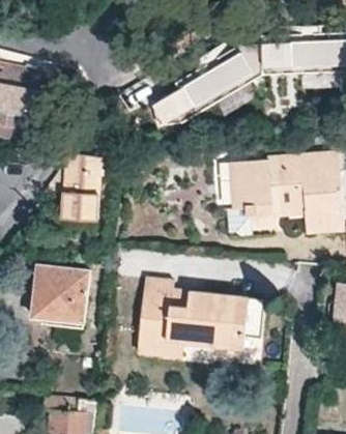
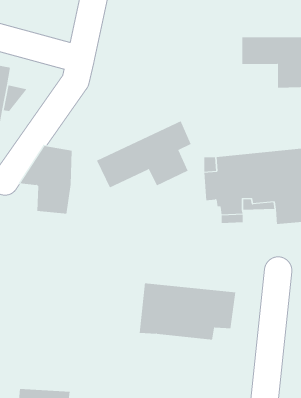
building: [156,56,253,124] -> [96,121,191,188]
building: [32,266,87,323] -> none
building: [136,277,183,356] -> none

